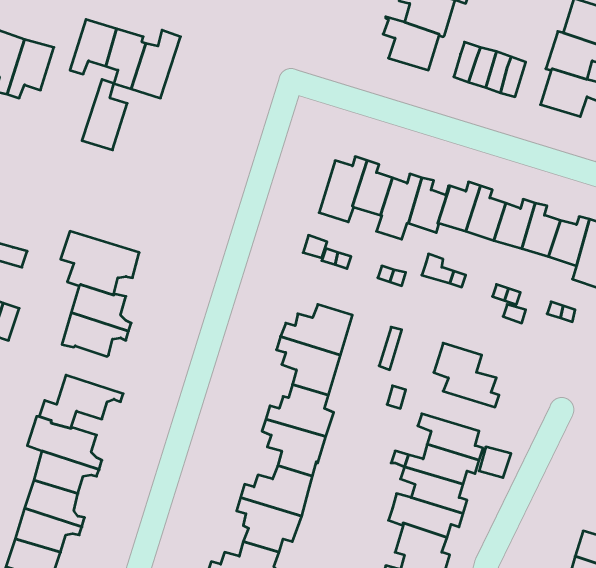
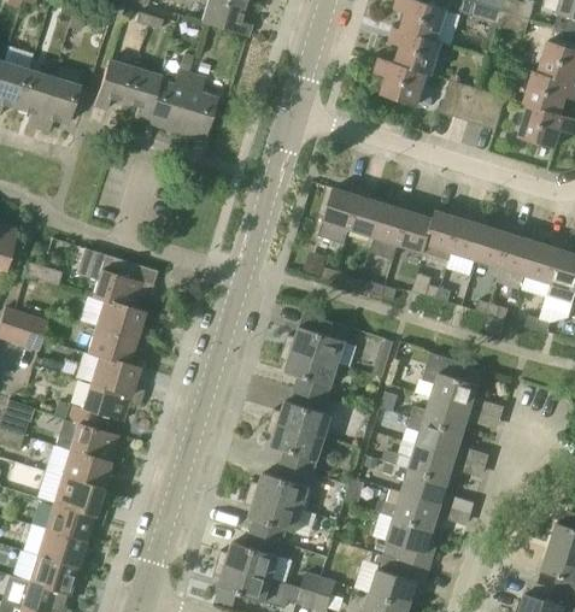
building: [82,79,127,150] -> [175,76,216,140]
building: none -> [89,355,143,399]
building: none -> [411,396,477,432]

